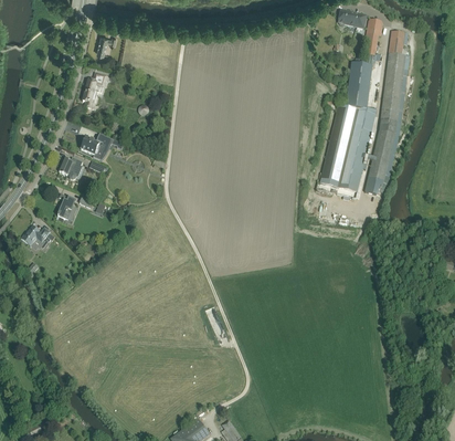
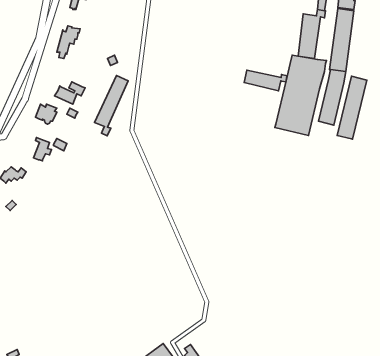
building: none -> [244,70,287,91]
building: none -> [95,75,128,136]
building: none -> [337,76,367,139]

